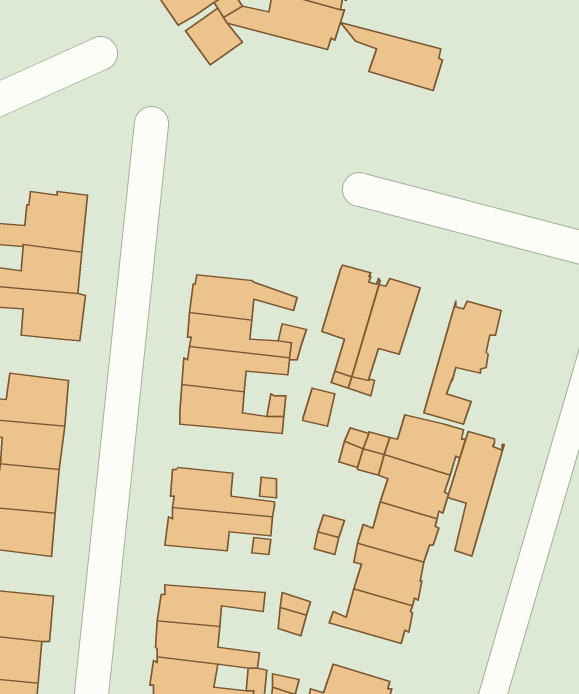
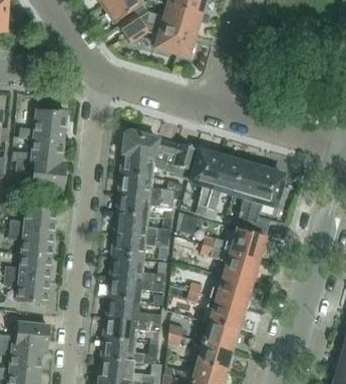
building: [341,22,443,90] -> [140,20,195,56]
building: none -> [122,129,197,169]
building: none -> [112,233,169,256]
building: [447,431,504,556] -> [232,160,262,227]
building: none -> [106,297,161,322]
building: none -> [193,338,233,369]

